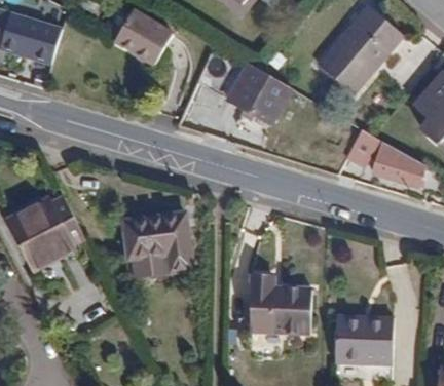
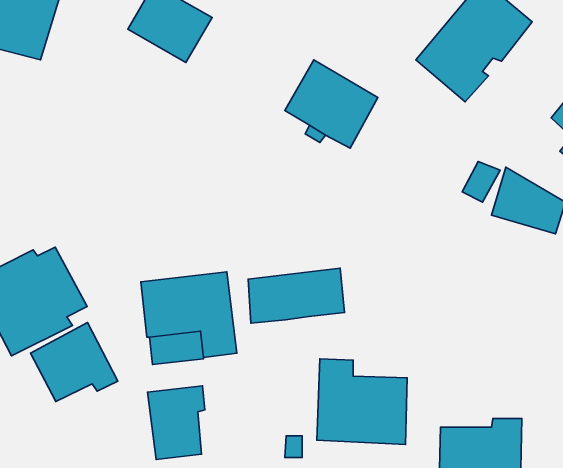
building: none -> [248,268,345,323]
building: none -> [30,322,118,402]
building: none -> [148,386,205,459]

